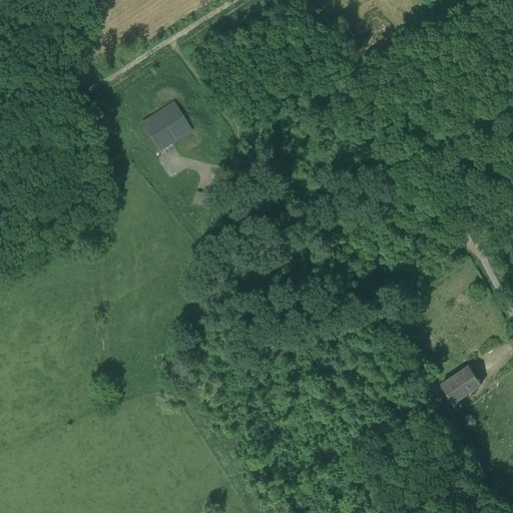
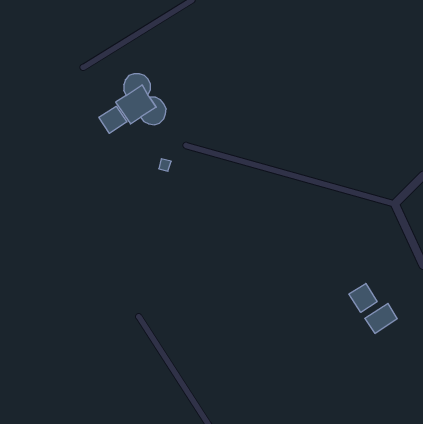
building: none -> [99,106,127,133]
building: none -> [349,283,377,312]

